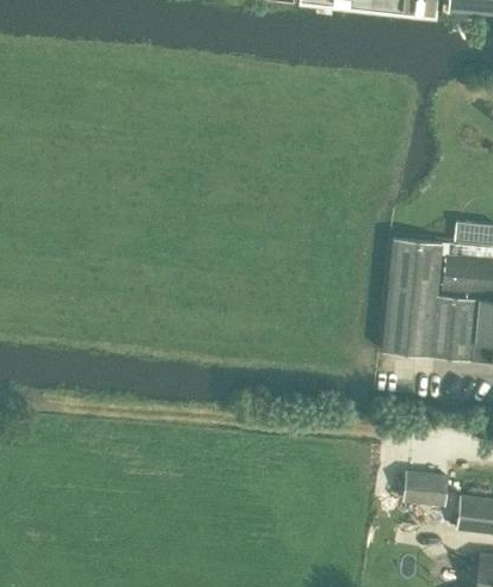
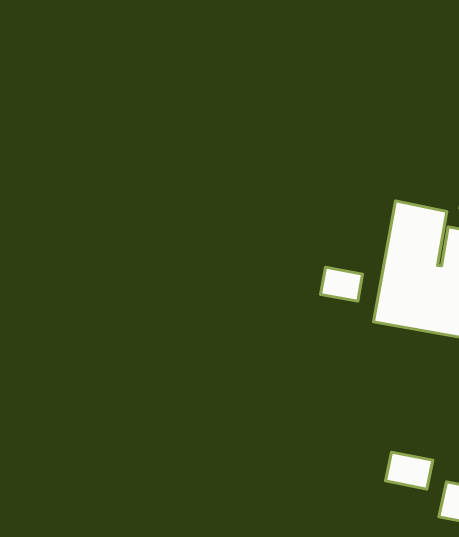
building: none -> [321,267,363,301]

